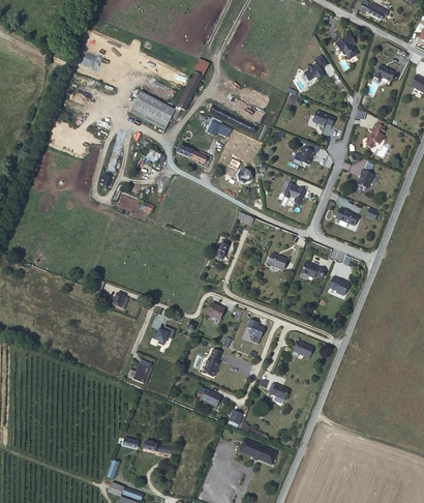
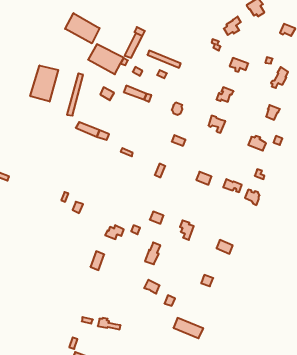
building: none -> [65,13,100,43]
building: none -> [30,65,58,102]

